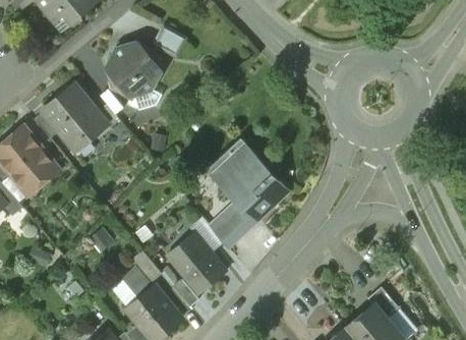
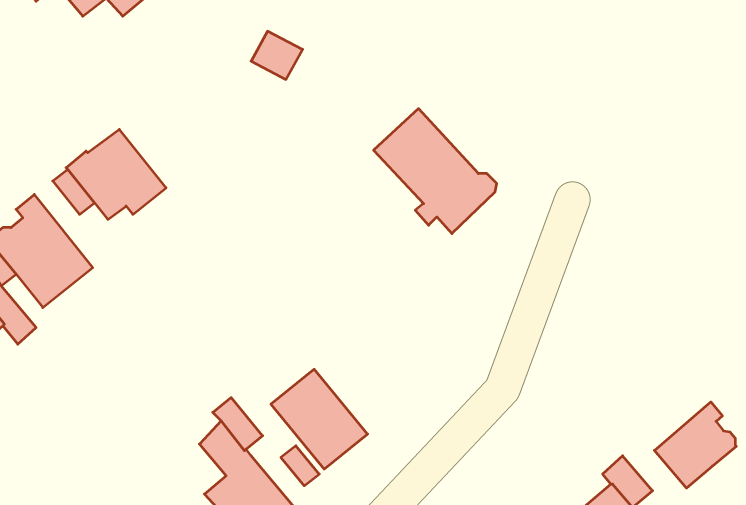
building: [108,43,162,110] -> none
building: [212,141,287,218] -> [374,109,497,234]
building: [212,212,245,247] -> none
building: none -> [654,402,736,488]

